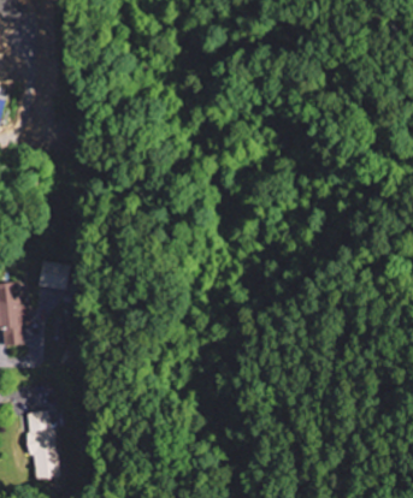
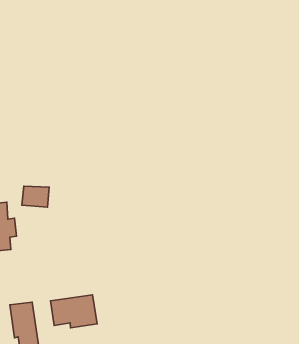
building: none -> [51,295,97,328]

